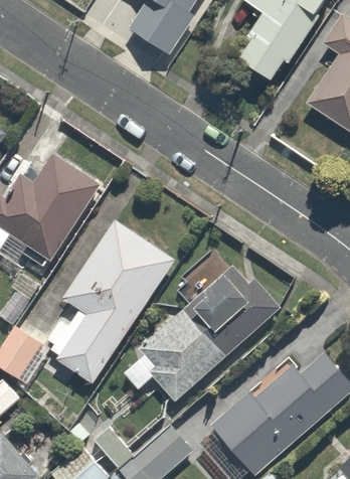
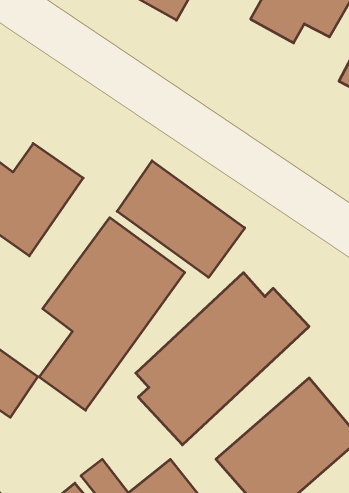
building: none -> [117,161,245,277]

